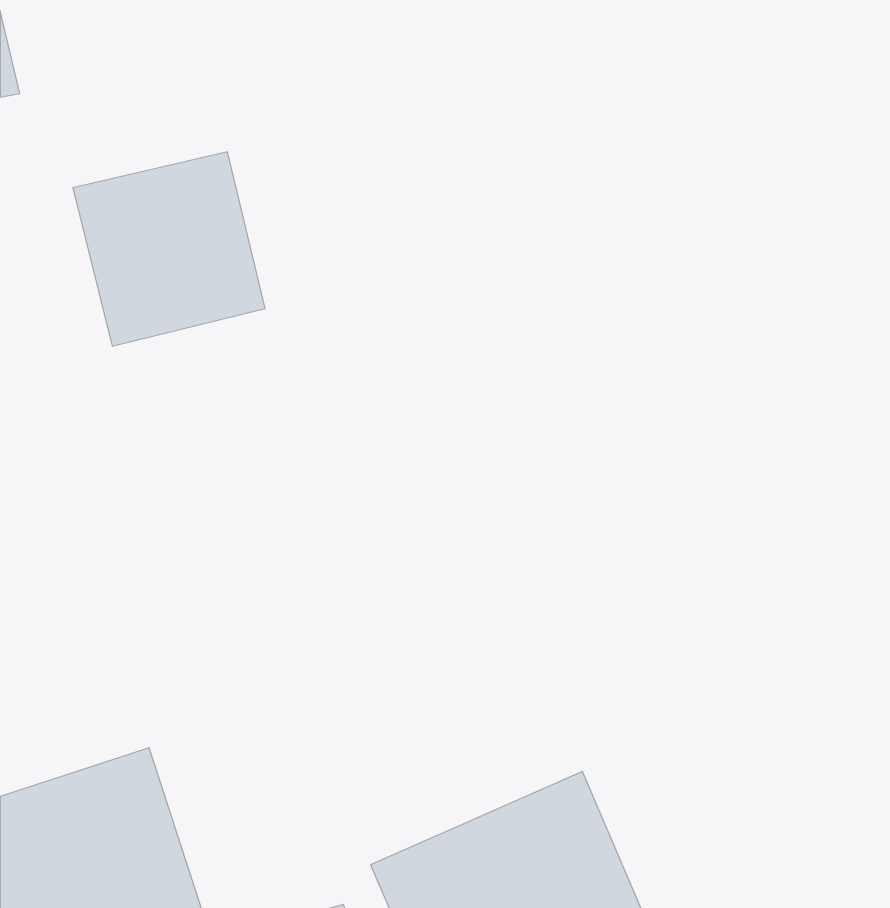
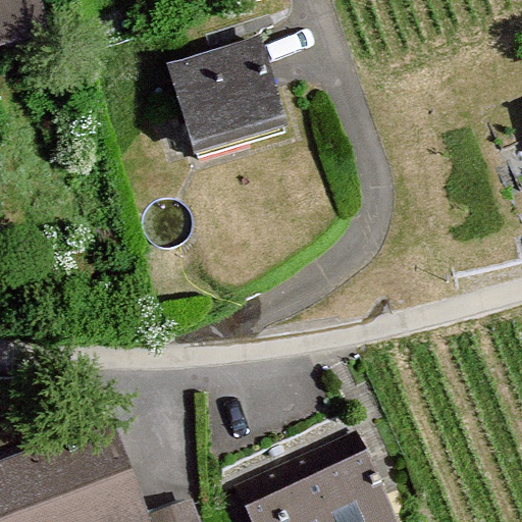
building: [73,152,265,346] -> [161,48,270,158]

